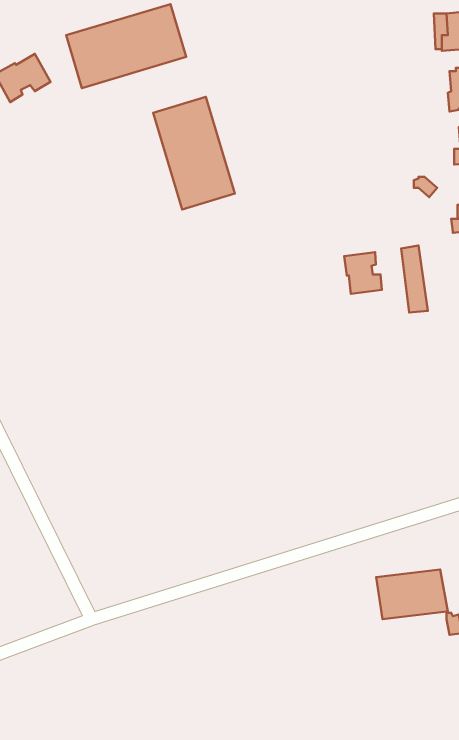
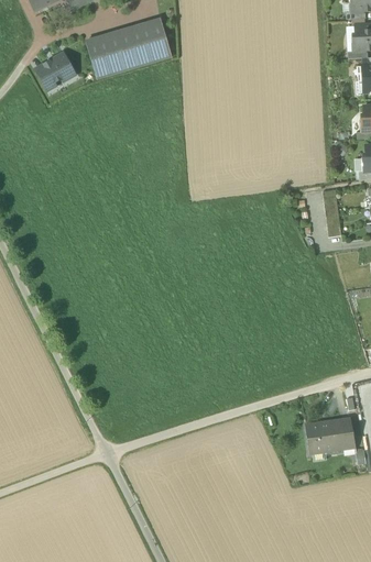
building: [153,97,235,210] -> none
building: [344,252,382,294] -> none

